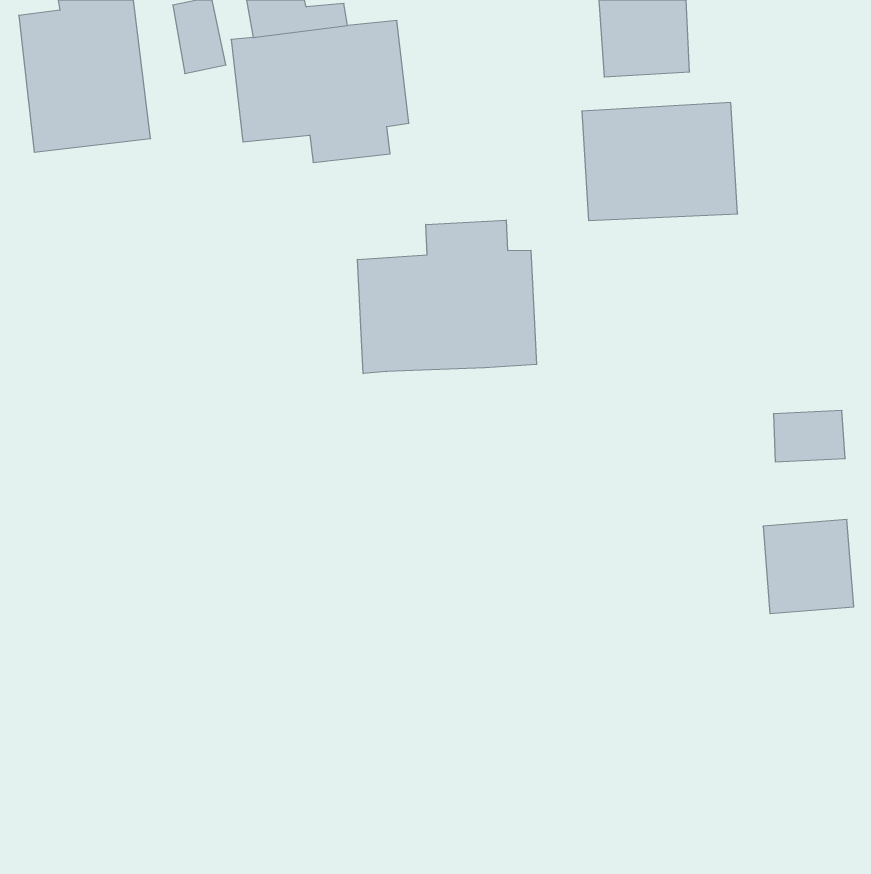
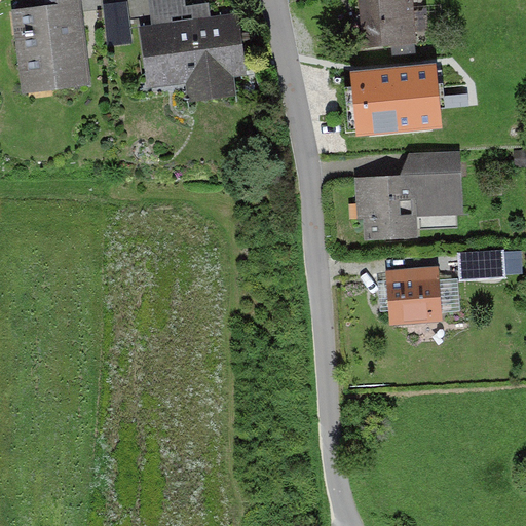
building: [358,220,537,374] -> none
building: none -> [355,151,461,239]
building: [763,519,854,614] -> [386,267,441,324]

